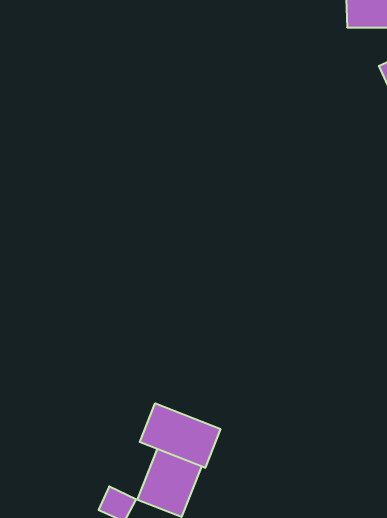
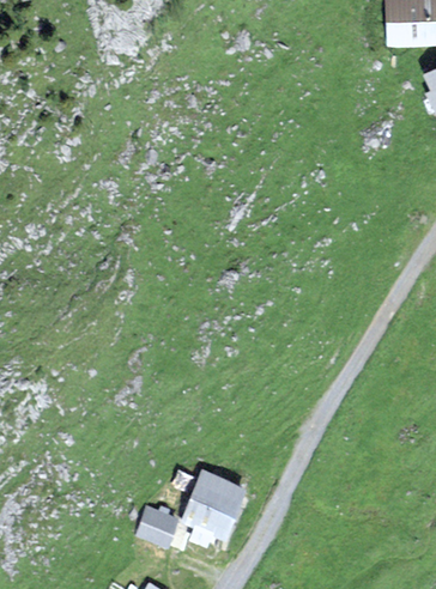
building: [140,403,220,468] -> none

